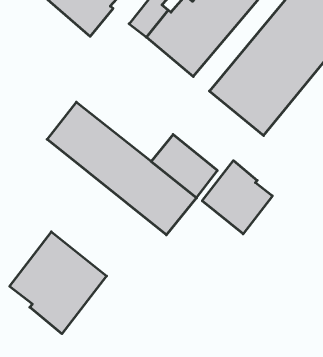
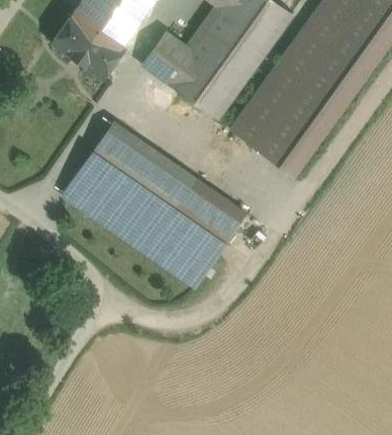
building: none -> [91,120,196,208]
building: [202,161,272,234] -> none
building: [10,232,107,334] -> none

